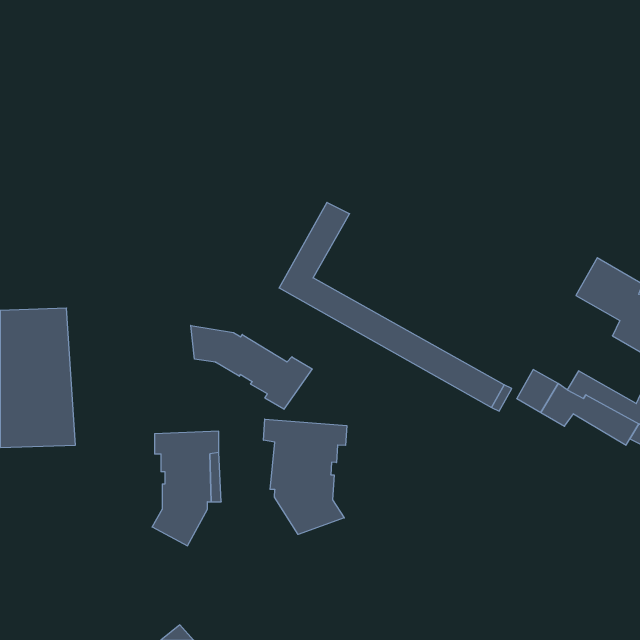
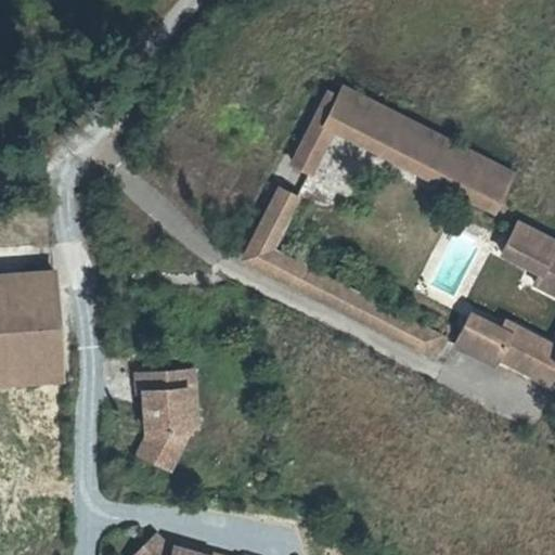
building: none -> [292,80,508,212]
building: [191,325,312,409] -> none
building: [264,419,347,534] -> none

